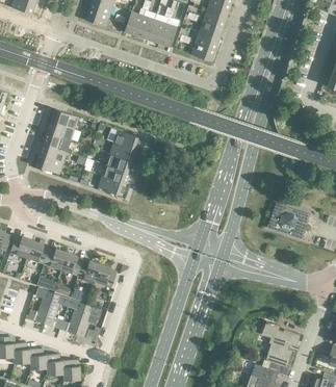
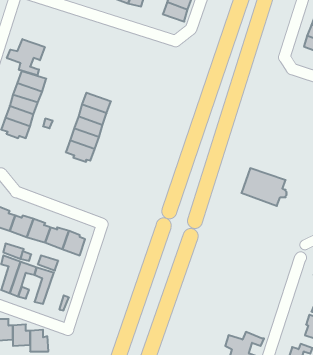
building: none -> [7,39,45,76]
building: [75,304,101,337] -> none
building: [261,321,300,367] -> none

